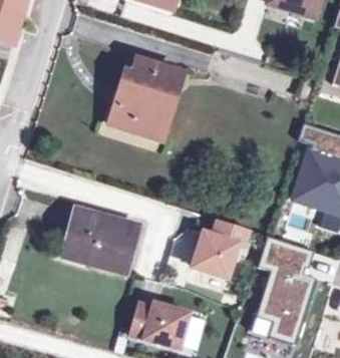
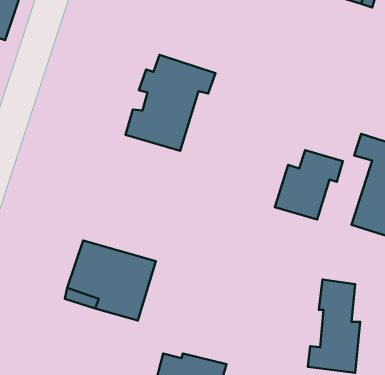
building: [194,219,250,276] -> [275,150,343,219]

